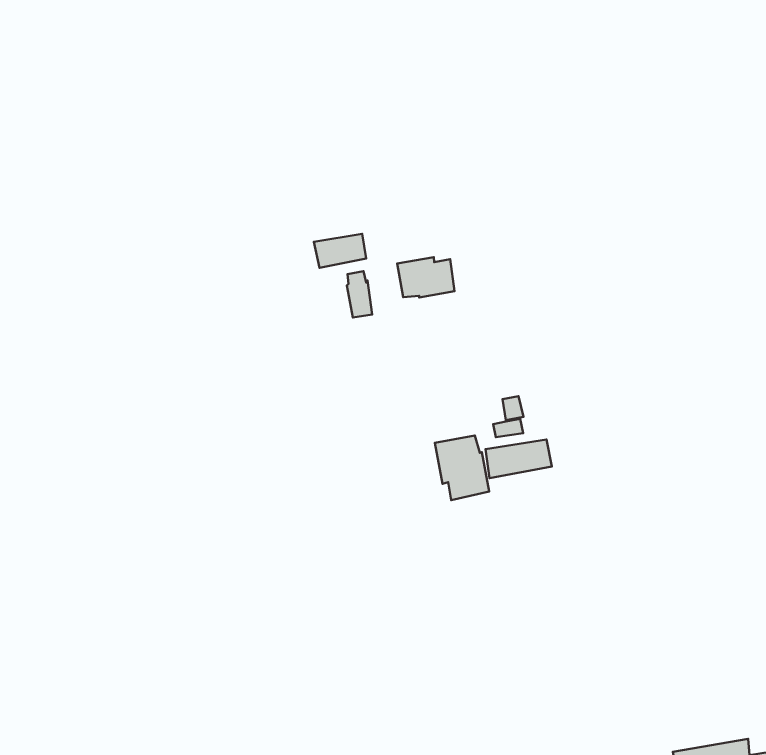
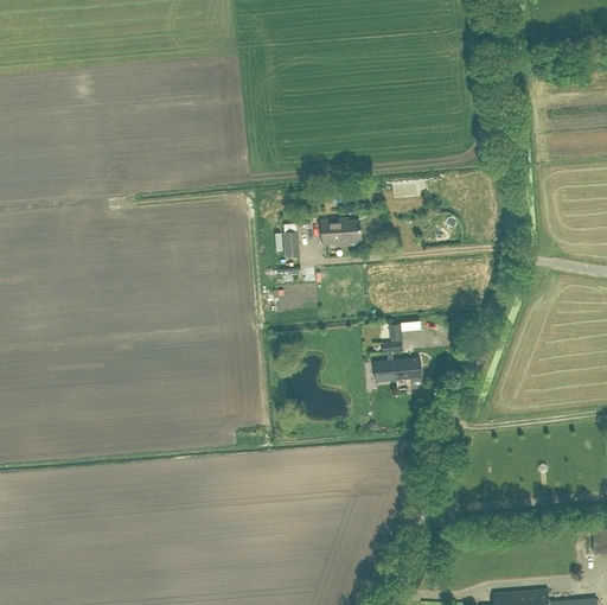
building: [314,234,366,268] -> none
building: [435,435,489,500] -> none

